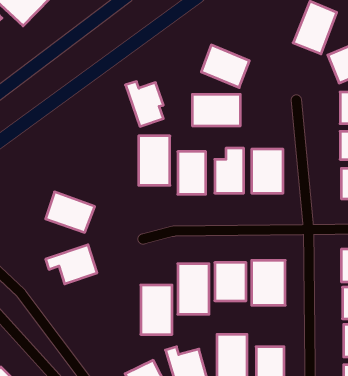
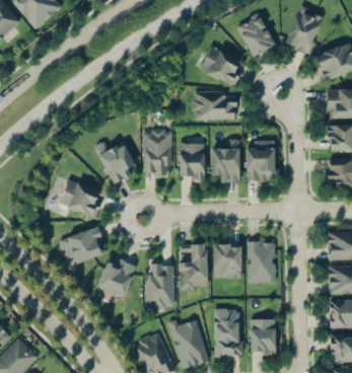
building: none -> [237,15,276,57]
building: [125,82,163,126] -> [97,143,132,183]
building: none -> [98,255,136,298]

